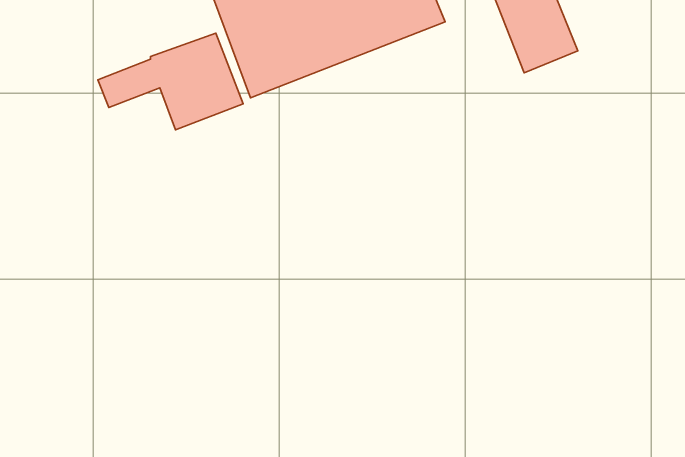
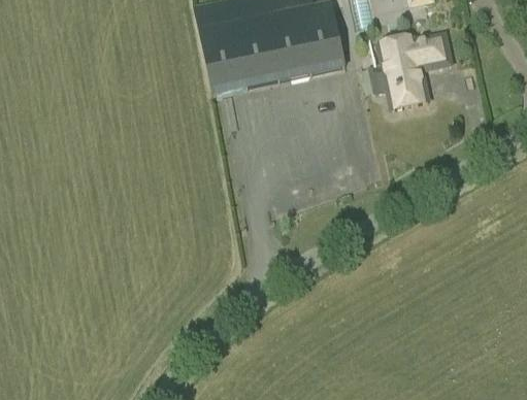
building: [98,33,243,130] -> none

